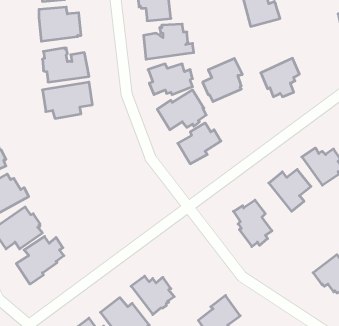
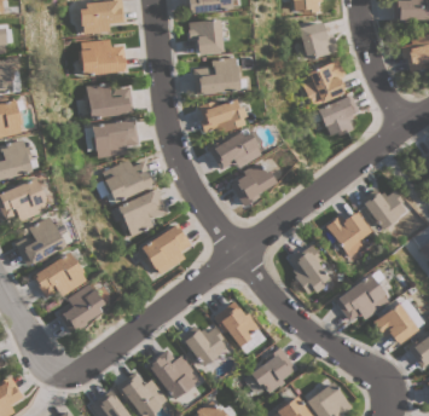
building: [203,58,242,102] -> [303,59,346,105]
building: none -> [95,160,156,204]
building: none -> [111,187,168,236]
building: none -> [141,223,192,273]
building: none -> [335,270,392,320]
building: none -> [213,301,265,353]

